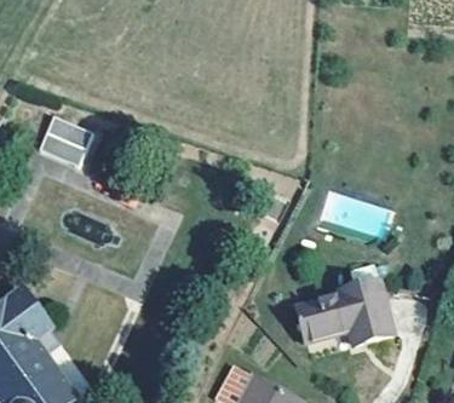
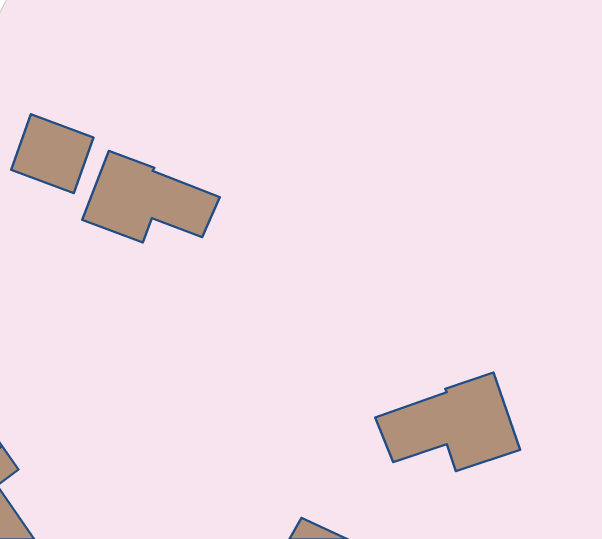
building: none -> [82,151,220,242]

